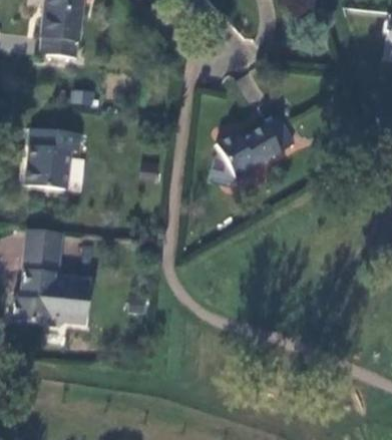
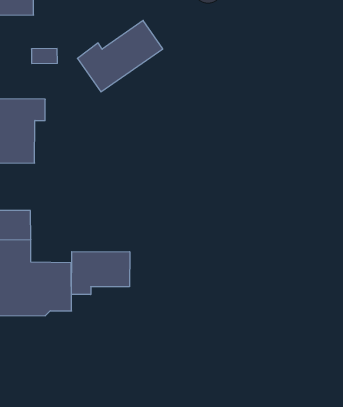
building: [216,115,293,175] -> [77,20,163,92]
building: none -> [71,252,130,295]

